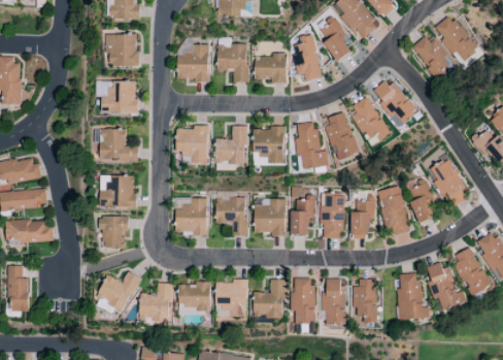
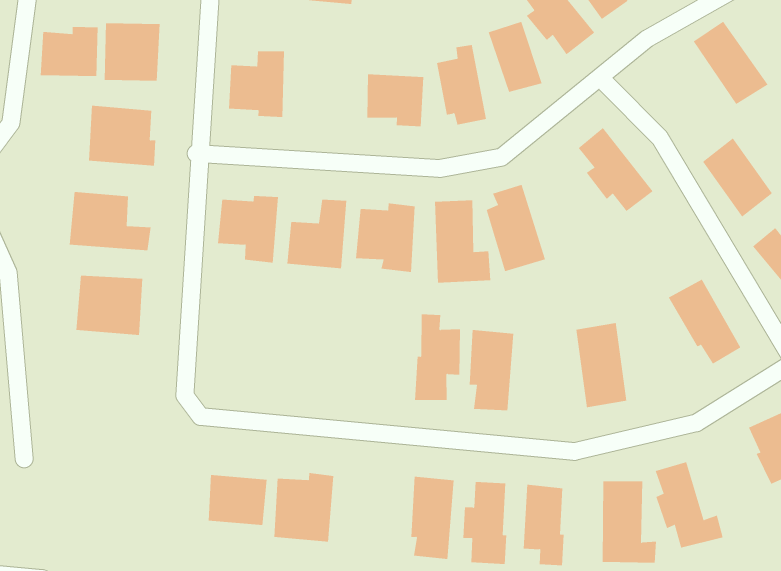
building: [411,33,451,77] -> [702,138,773,218]
building: none -> [40,26,98,77]
building: [216,43,247,81] -> none
building: [353,97,390,140] -> none
building: [404,175,434,224] -> none
building: [174,198,207,235] -> none
building: [214,198,245,236] -> none
building: [254,198,284,234] -> none
building: [350,200,374,238] -> none
building: [101,217,128,248] -> none
building: [451,247,491,296] -> none
building: [96,271,140,310] -> none
building: [254,280,284,318] -> none
building: [138,283,173,325] -> none

